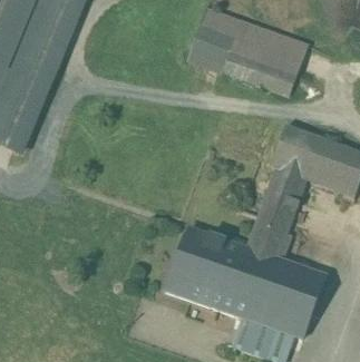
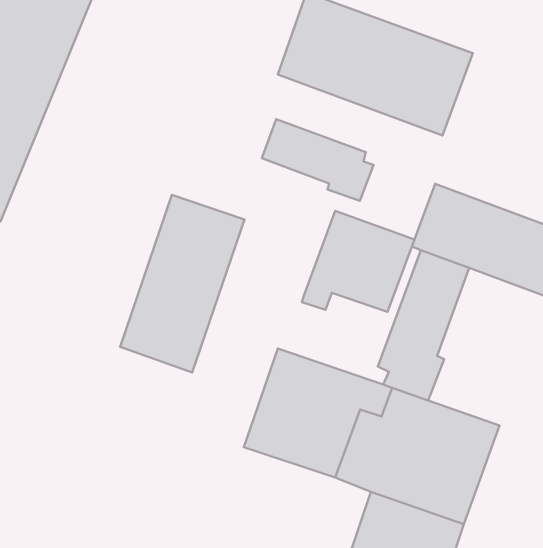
building: none -> [262,119,373,201]
building: none -> [120,195,245,373]
building: none -> [302,211,415,312]

